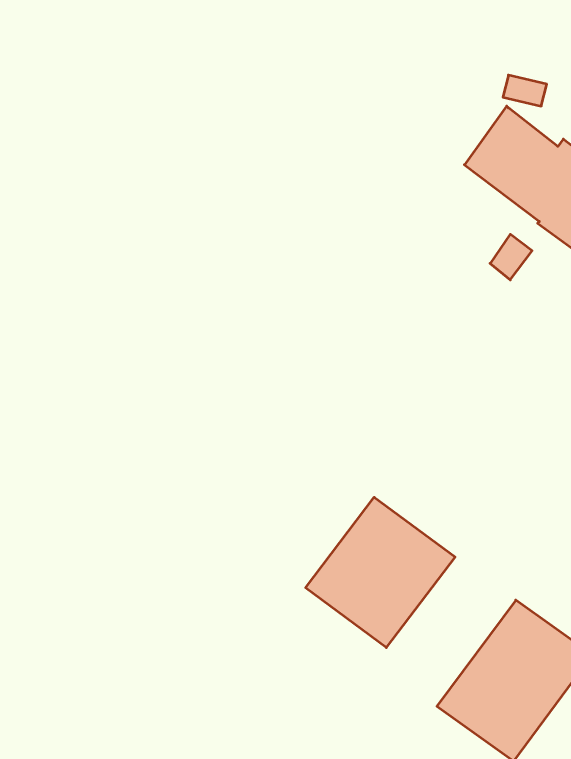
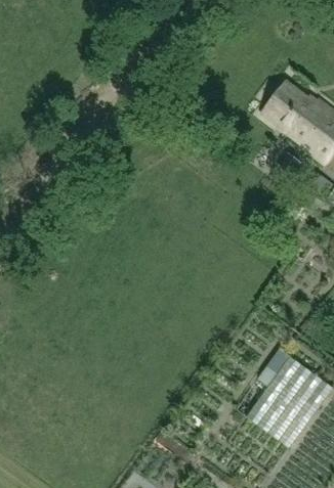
building: [306,497,455,648] -> none

